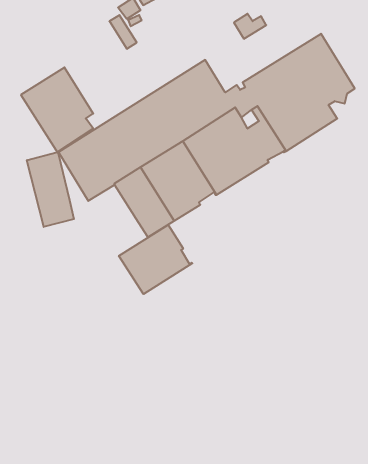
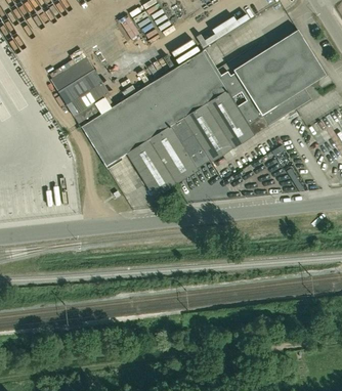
building: [27,152,74,227] -> none
building: [119,225,192,294] -> none

